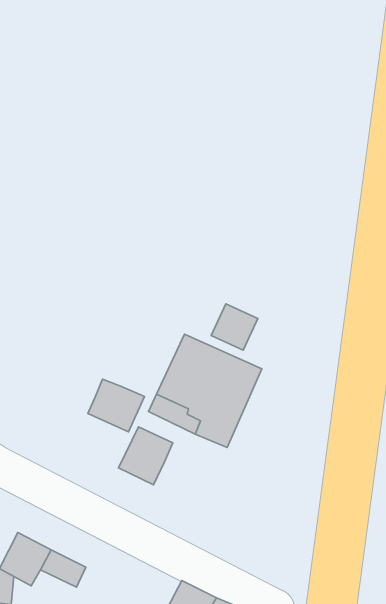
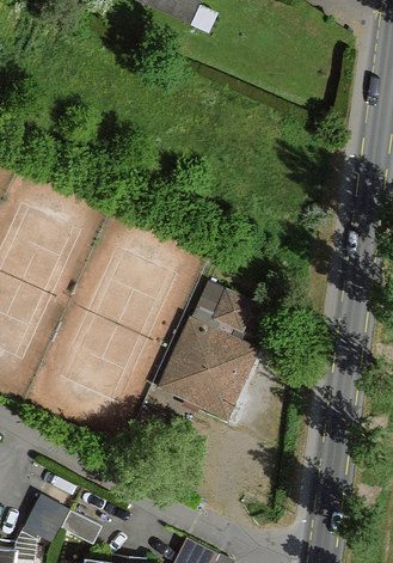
building: [88,379,144,432] -> none
building: [119,427,173,485] -> none

